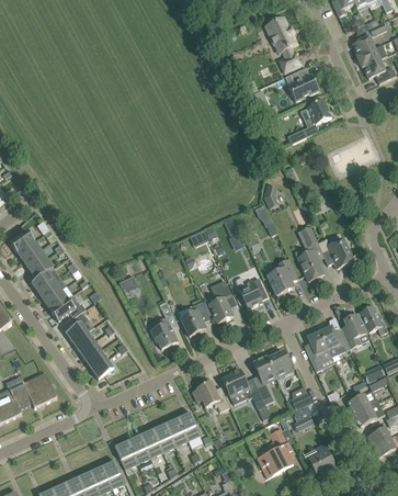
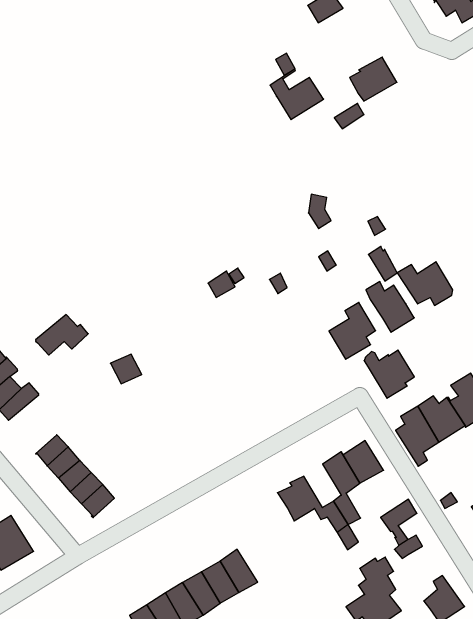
building: [285,68,319,101] -> [270,69,324,120]
building: [236,277,268,308] -> [364,350,414,398]
building: [208,283,234,323] -> none
building: [50,295,86,320] -> [36,315,88,355]
building: [151,301,178,349] -> none
building: [181,301,211,336] -> none
building: [193,382,230,412] -> none

